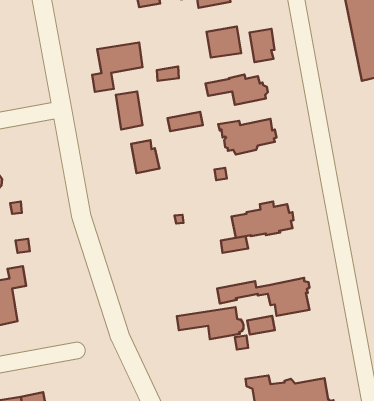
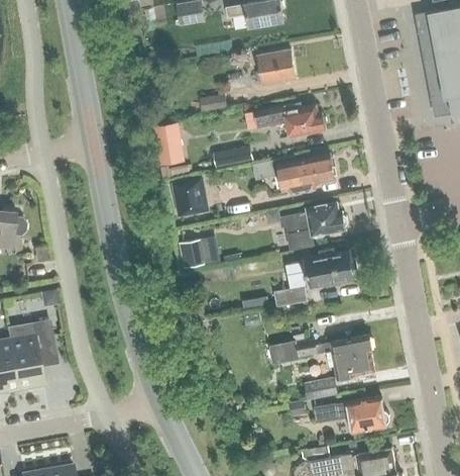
building: [249,29,275,62] -> none
building: [92,43,143,92] -> none
building: none -> [284,203,348,250]
building: none -> [180,240,205,268]
building: [177,307,244,339] -> [314,396,389,433]

